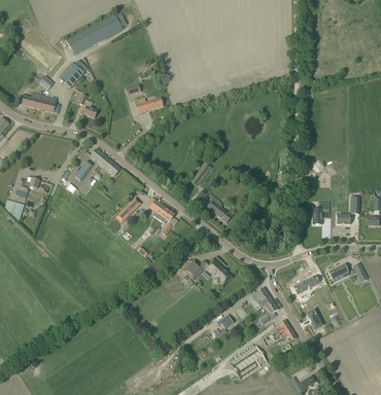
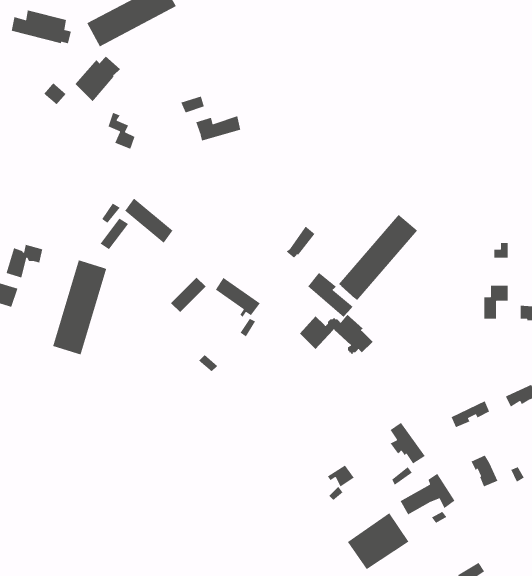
building: [22,92,60,113] -> [11,10,72,44]
building: none -> [338,214,418,301]
building: none -> [52,260,107,355]
building: [183,258,230,284] -> [299,314,373,355]

